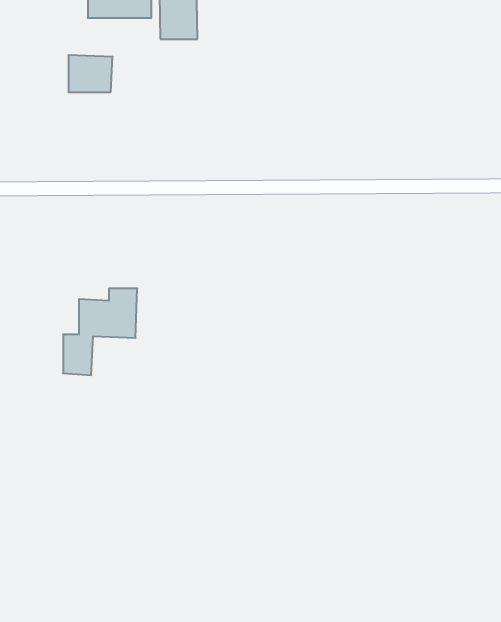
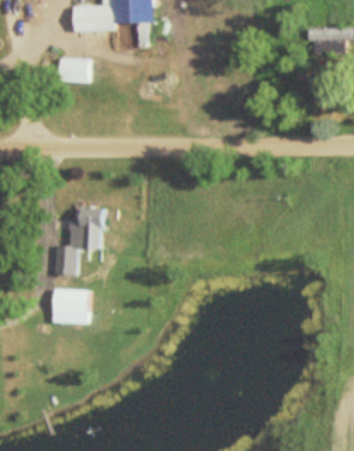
building: none -> [306,28,347,53]
building: none -> [55,289,91,313]

